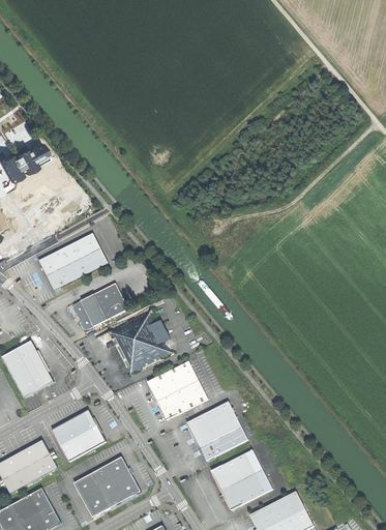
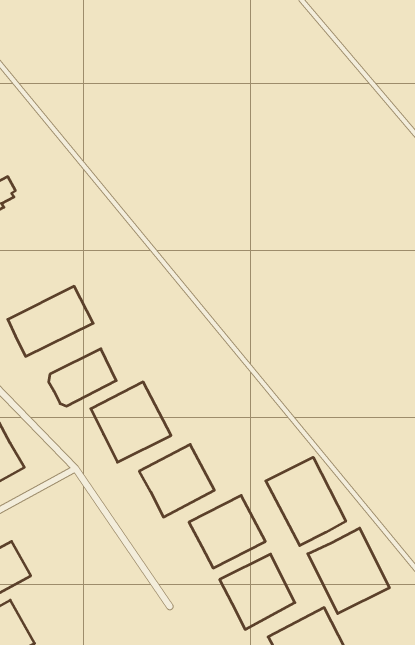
building: none -> [266,457,346,546]
building: [52,410,107,462] -> none
building: none -> [308,528,389,614]
building: [73,458,141,519] -> none

